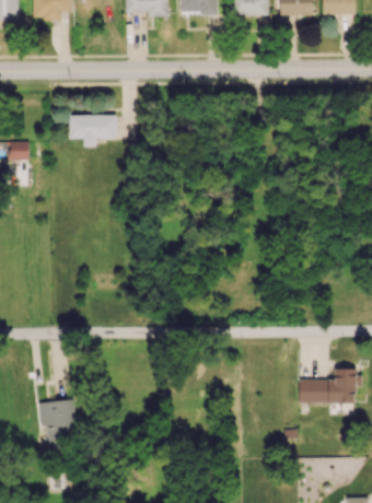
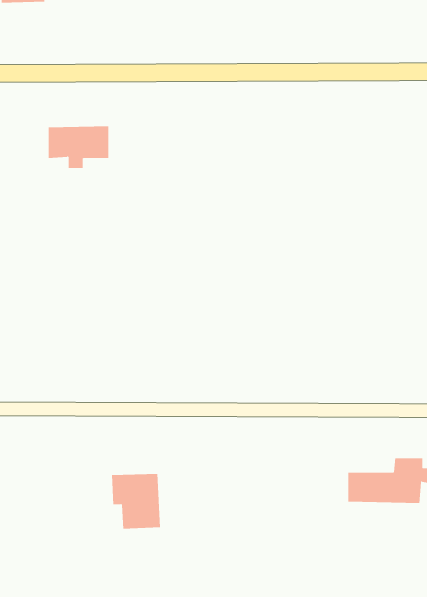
building: [38,400,77,443] -> [111,473,161,529]

